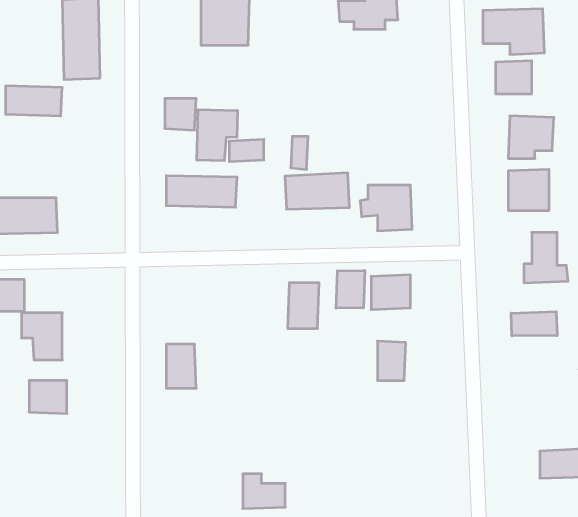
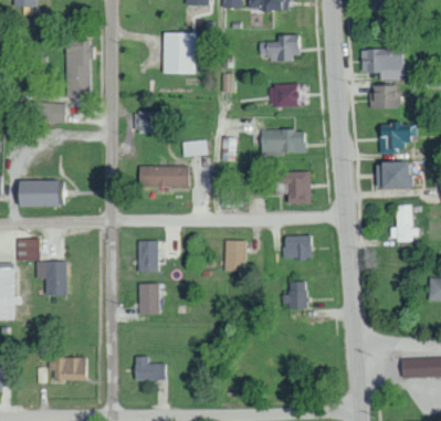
building: none -> [272,83,305,106]
building: [197,110,237,161] -> none
building: [285,173,349,209] -> [261,128,306,154]
building: [336,270,365,308] -> none
building: none -> [138,240,159,272]
building: [511,312,557,336] -> none
building: [29,381,67,414] -> [59,357,85,380]
building: [243,474,285,509] -> [135,356,165,380]

